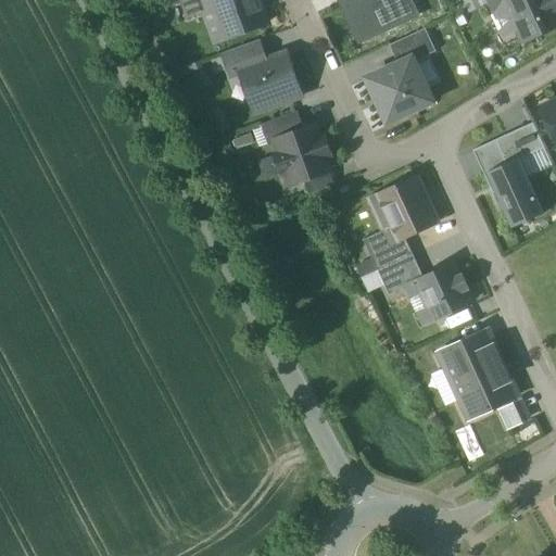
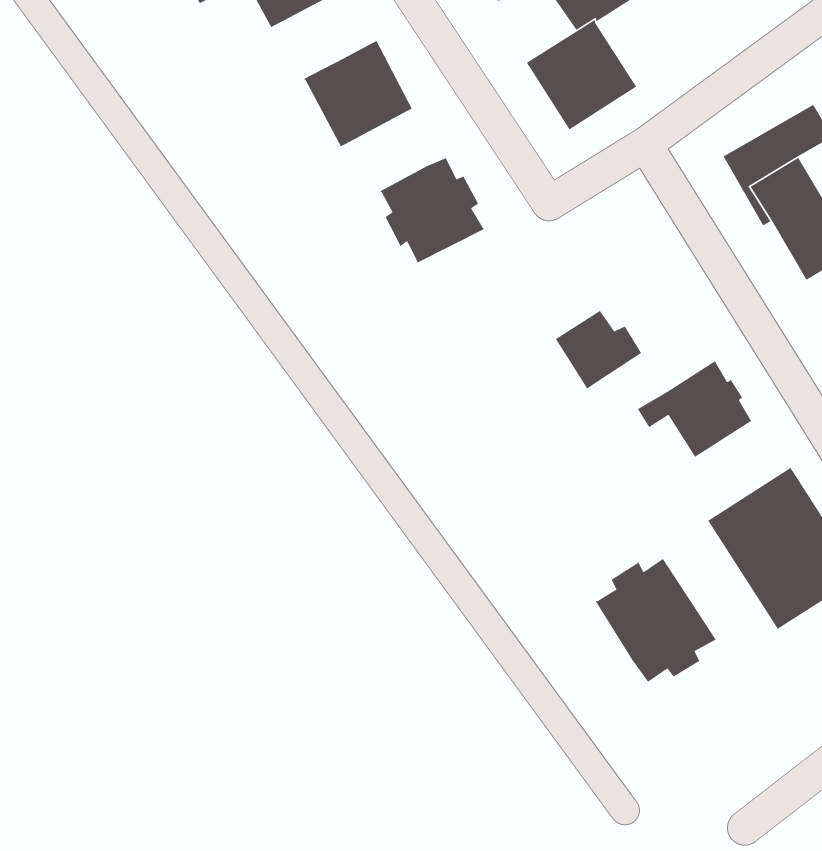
building: [223,40,264,74] -> none
building: [261,111,303,144] -> none
building: [377,177,435,239] -> none
building: [377,254,422,295] -> none
building: none -> [594,558,717,683]

